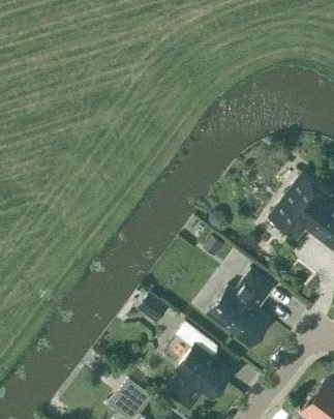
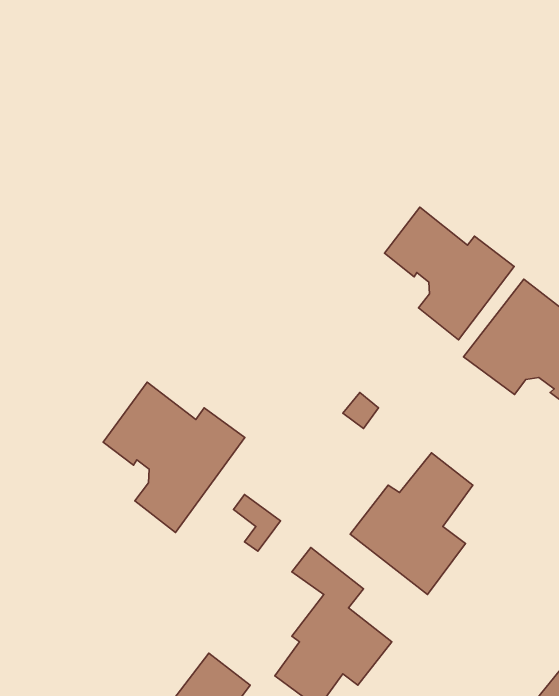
building: none -> [384,207,514,340]
building: none -> [103,382,245,533]

